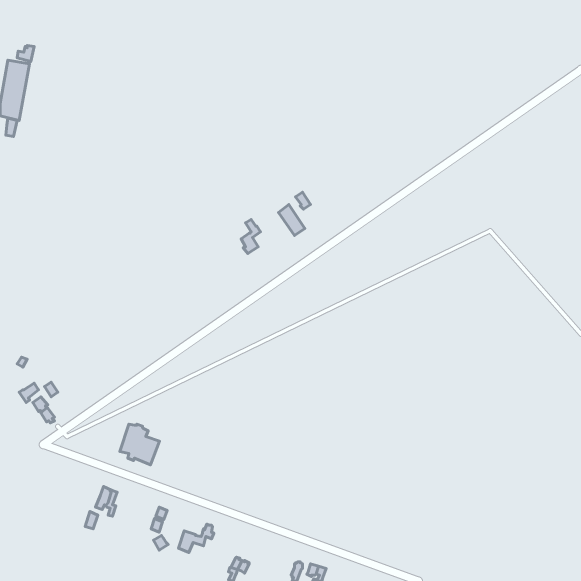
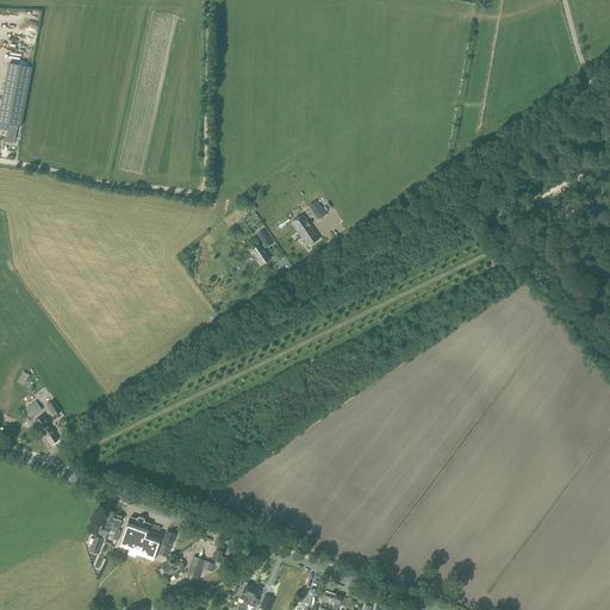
building: [120,424,160,465] -> [120,517,162,560]

